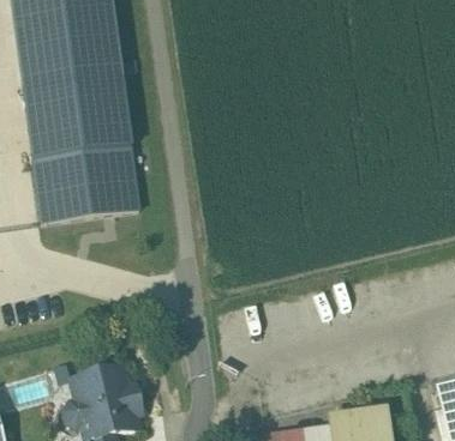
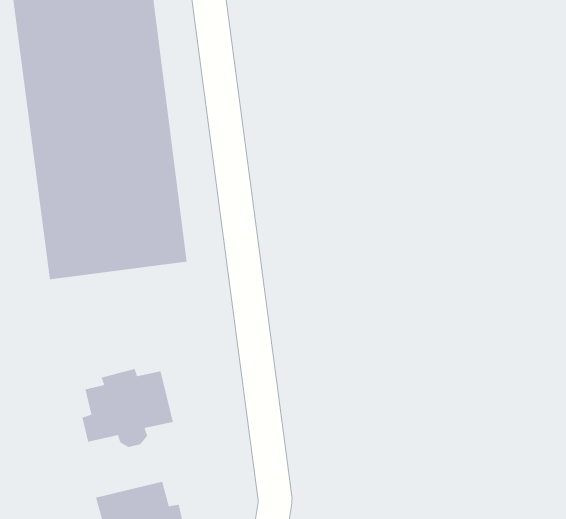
building: none -> [82,368,174,448]

